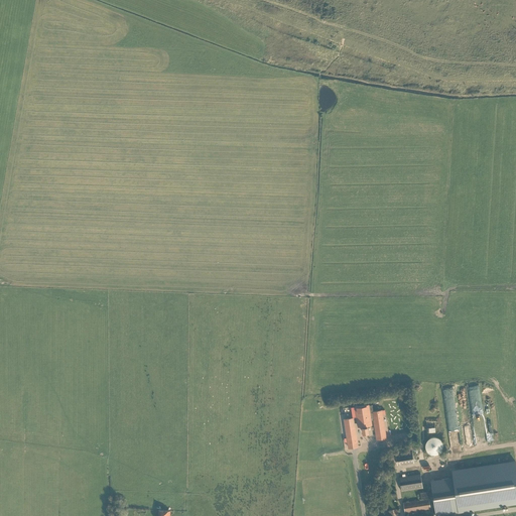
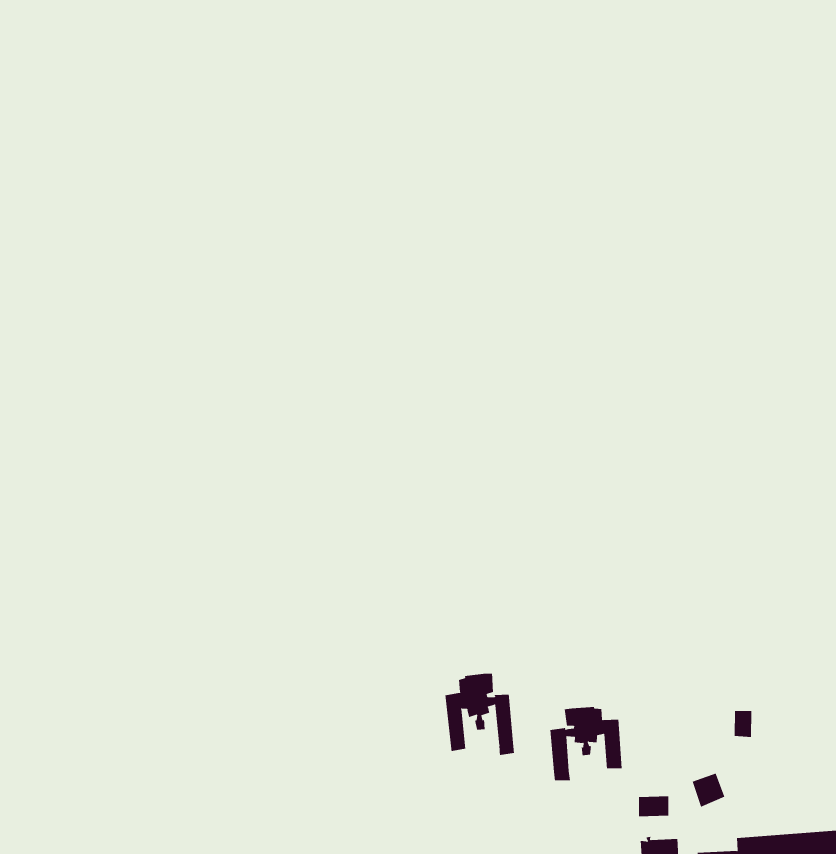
building: none -> [445,673,514,756]

